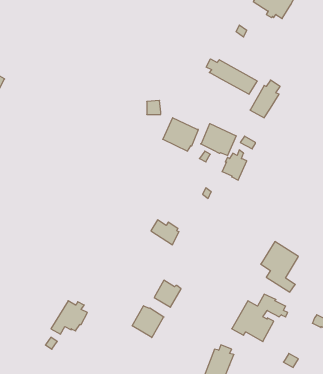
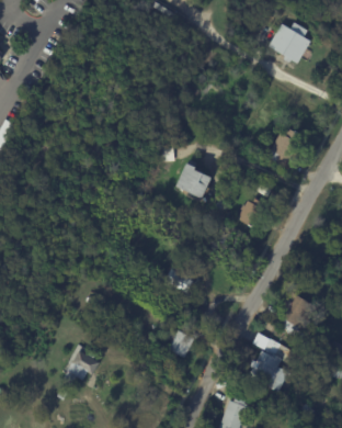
building: [206,59,257,94] -> none
building: [201,124,236,156] -> none
building: [132,306,164,338] -> none

